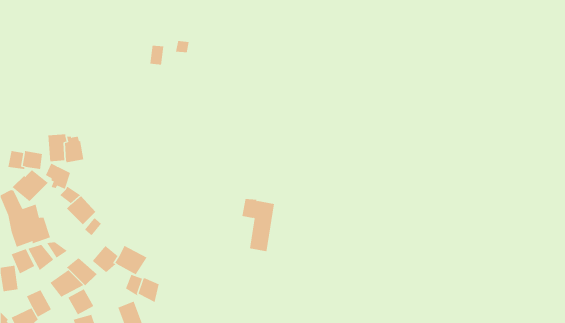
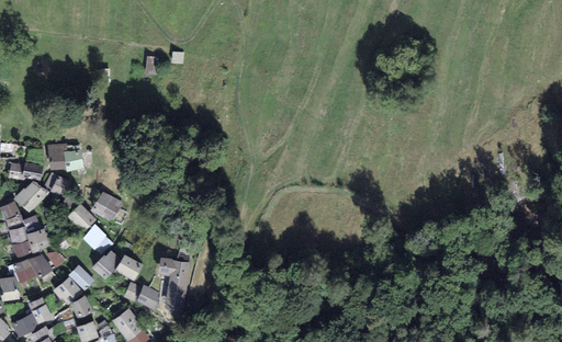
building: none -> [90,191,123,221]
building: [241,198,275,252] -> [157,258,190,310]

